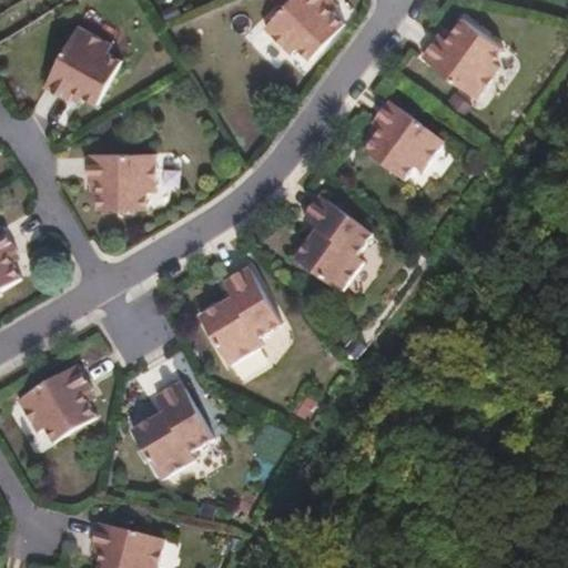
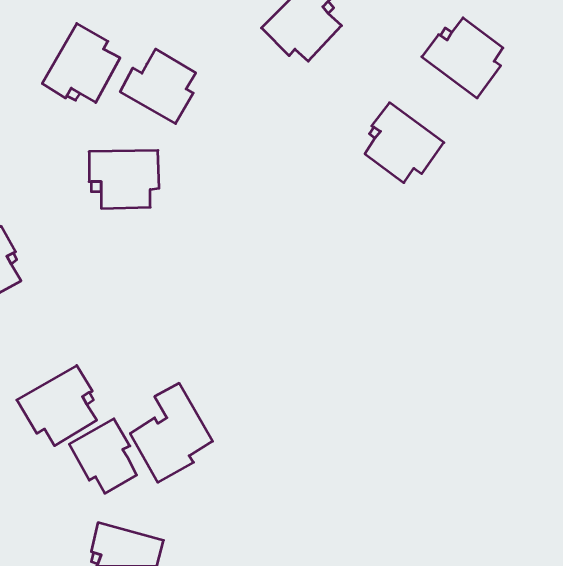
building: none -> [120,49,196,124]
building: [295,195,372,293] -> none
building: [199,265,278,365] -> none
building: none -> [69,419,137,493]

